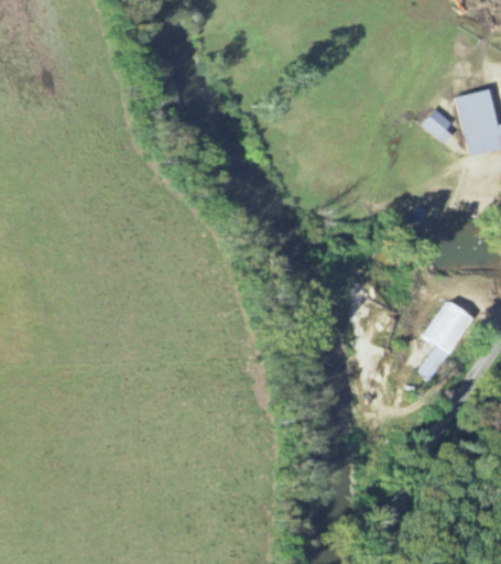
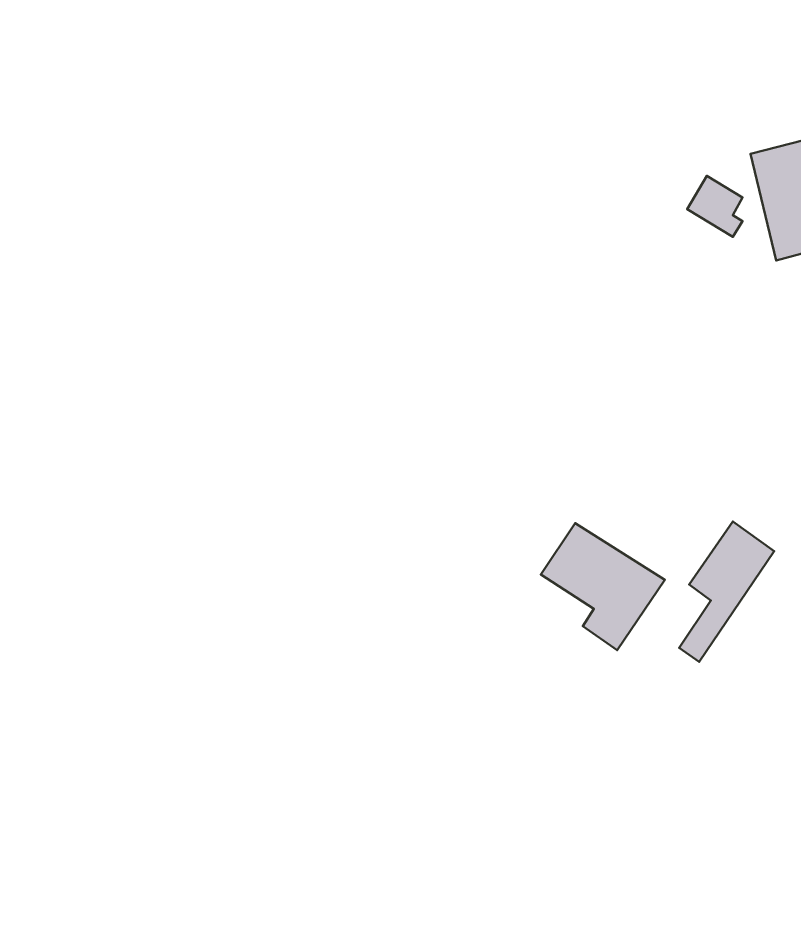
building: none -> [541,523,665,650]

